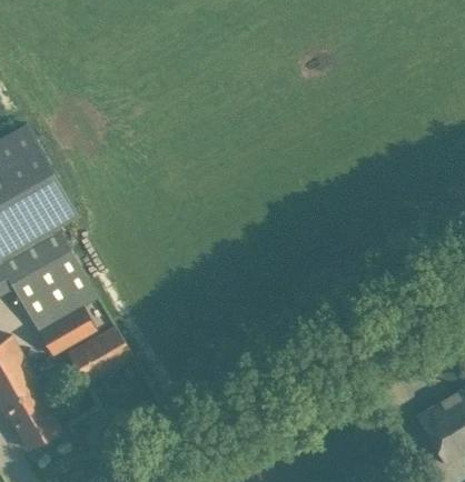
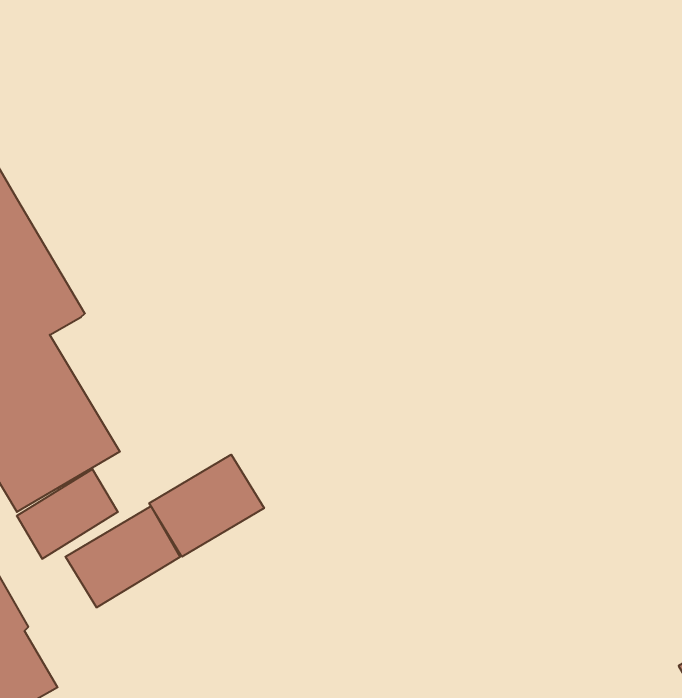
building: none -> [149,455,264,557]

